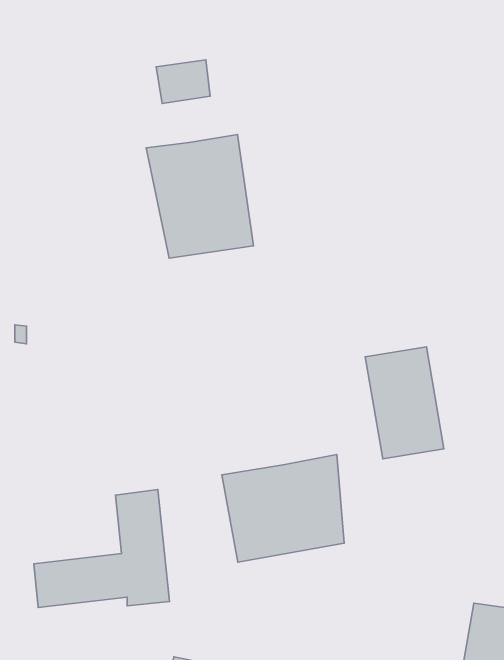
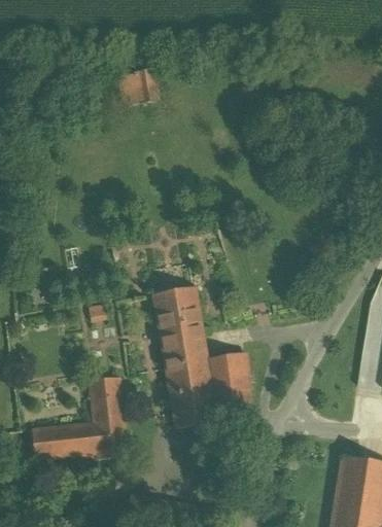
building: [146,134,253,258] -> none
building: [365,347,444,459] -> [151,286,207,365]

